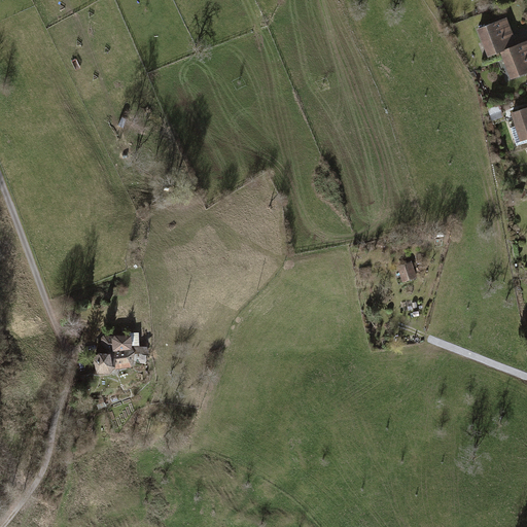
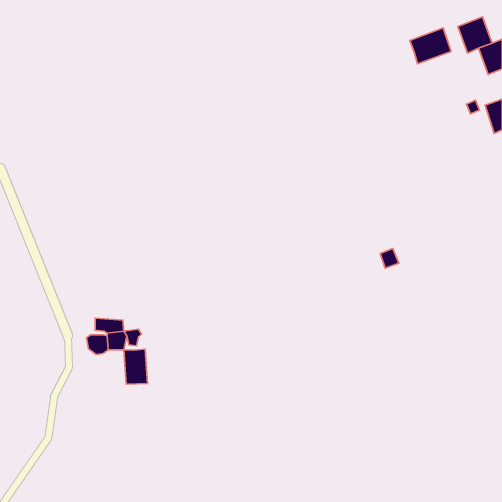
building: none -> [410,28,451,64]
building: none -> [124,349,147,384]

